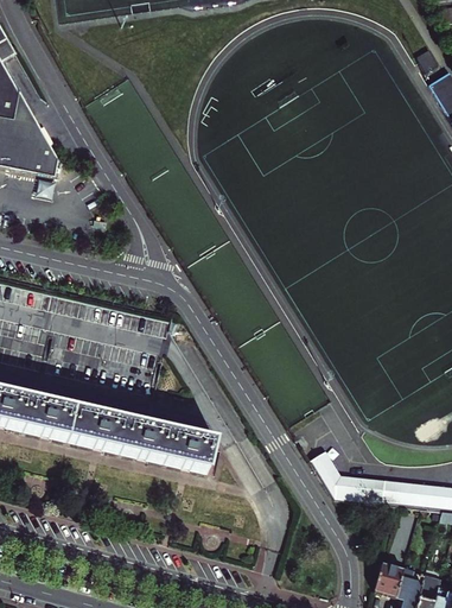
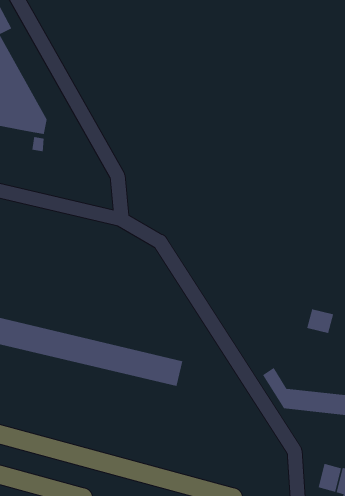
building: none -> [307,309,334,334]

